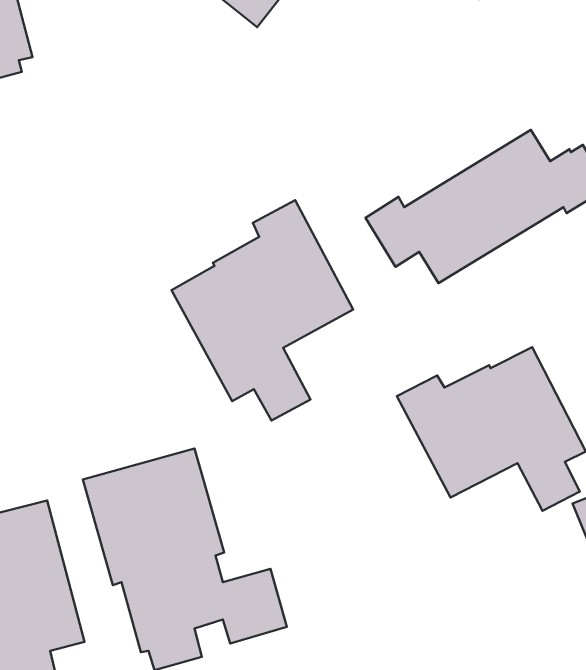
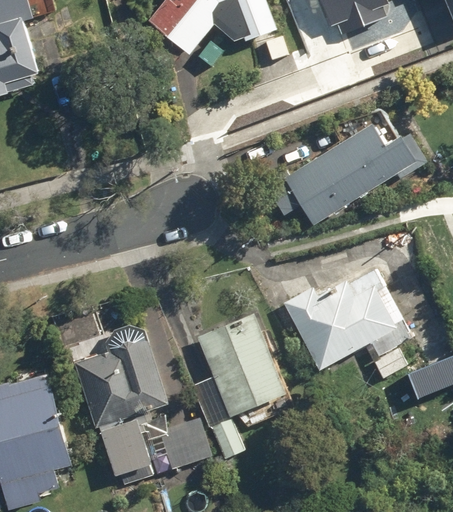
building: [172,200,353,421] -> none
building: none -> [190,314,293,461]

